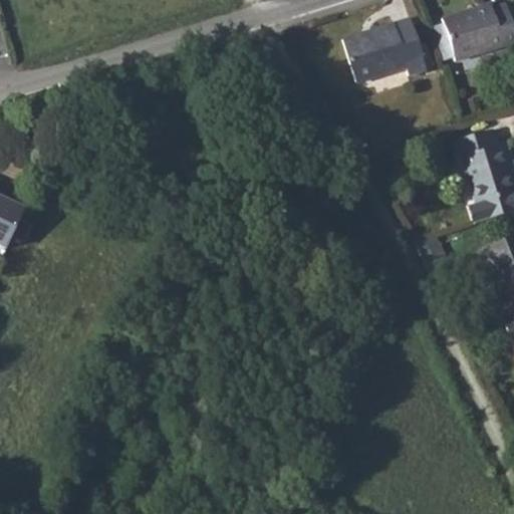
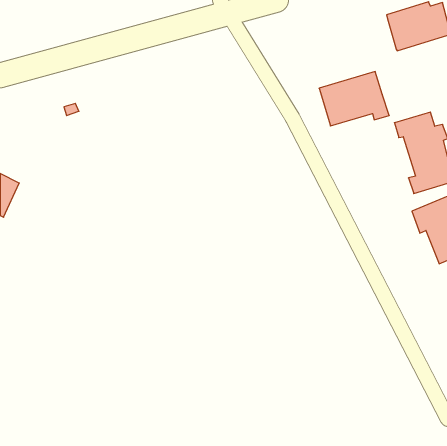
building: [348,18,429,80] -> [319,72,389,126]

